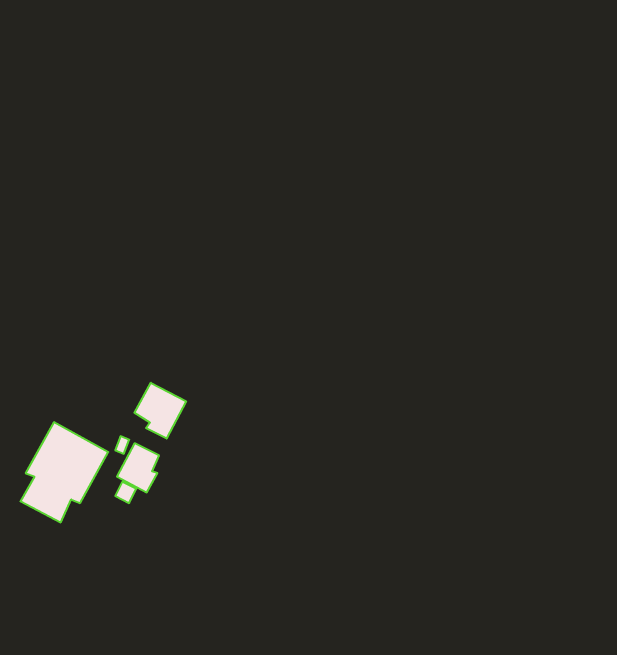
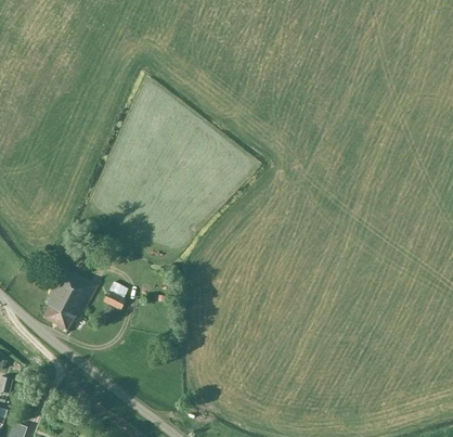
building: [134,383,186,439] -> none

